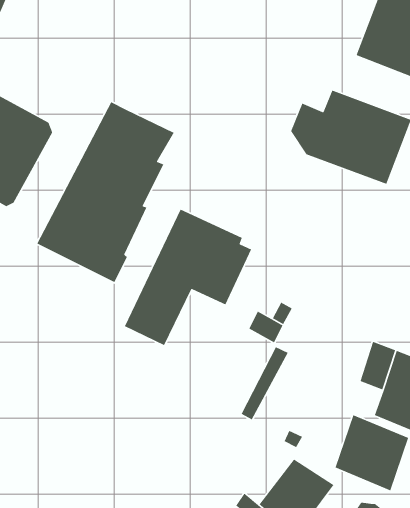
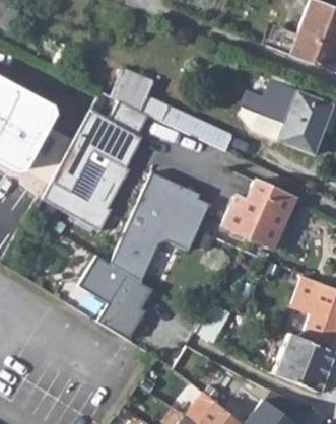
building: none -> [112,65,232,149]
building: none -> [221,174,295,249]
building: none -> [81,259,153,340]

